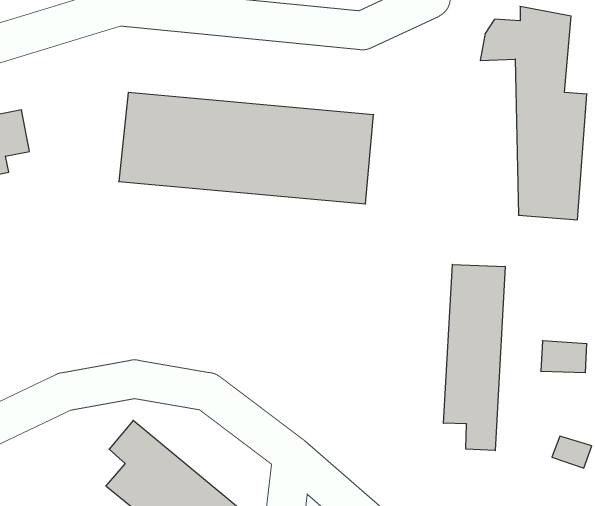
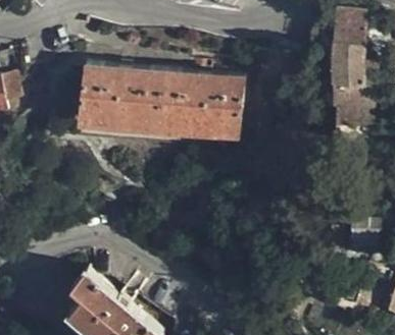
building: [443,264,505,451] -> none

